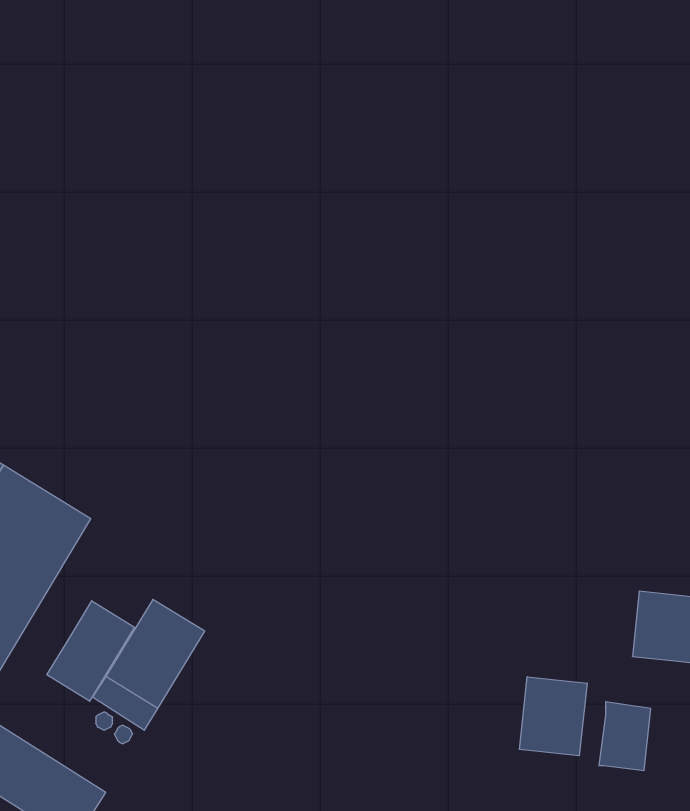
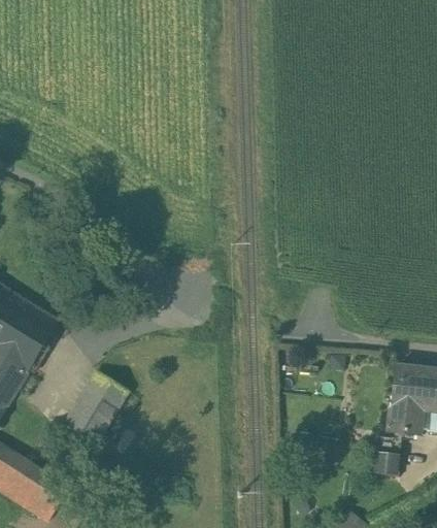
building: [47,601,135,701] -> none
building: none -> [389,406,421,434]
building: [519,677,587,756] -> none

